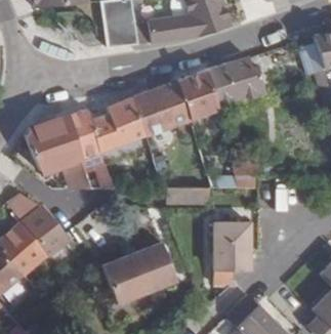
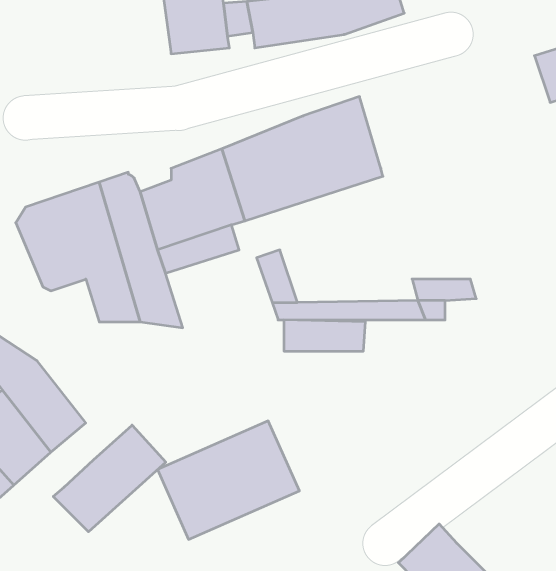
building: [206,56,268,108] -> none
building: [214,222,250,284] -> none
building: none -> [53,425,166,532]

